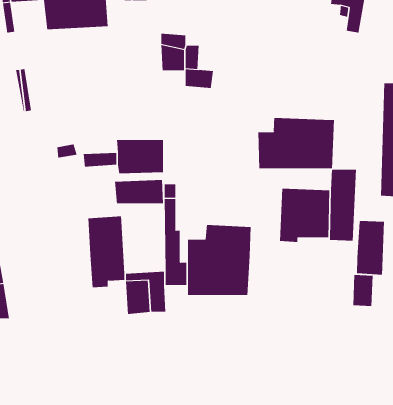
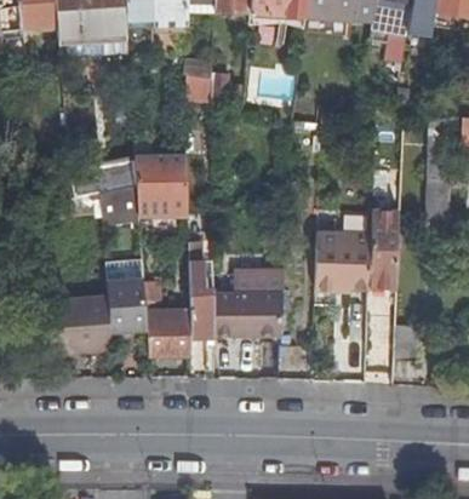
building: [258,117,335,169] -> none
building: [114,179,164,204] -> [133,151,188,178]
building: [356,220,384,276] -> none
building: none -> [47,304,110,354]

